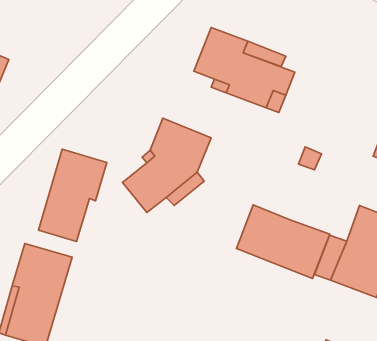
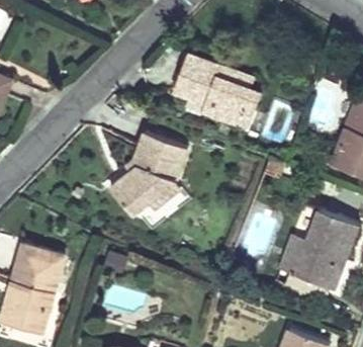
building: [38,149,107,242] -> none
building: [237,205,330,279] -> none

